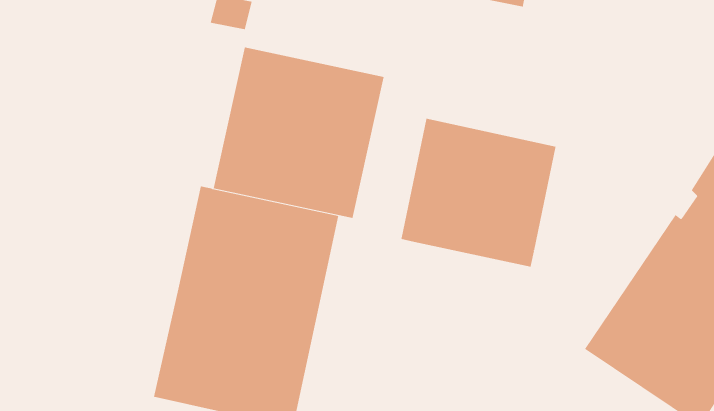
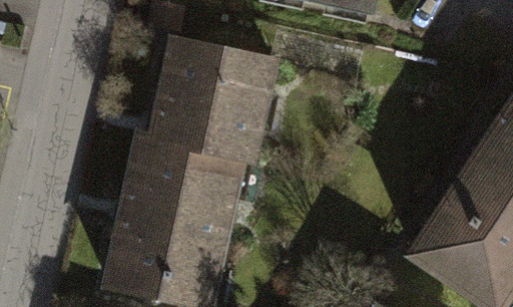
building: [401,118,556,268] -> none

